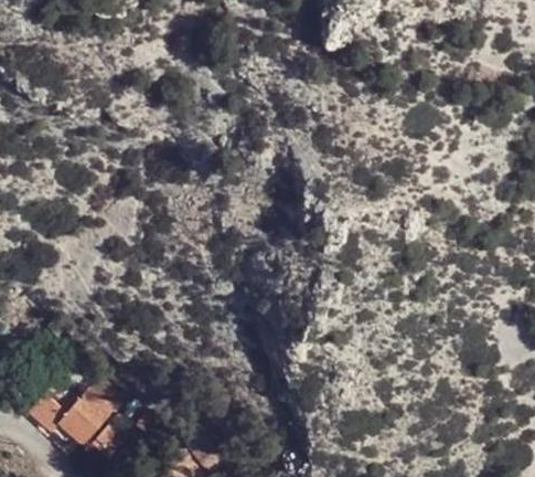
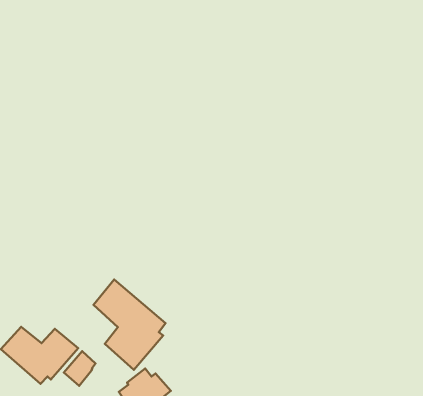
building: none -> [93,279,165,370]

